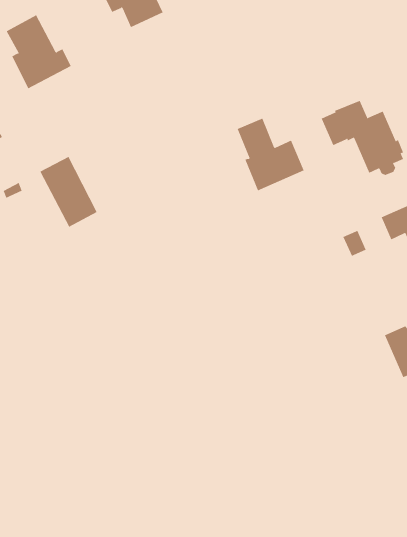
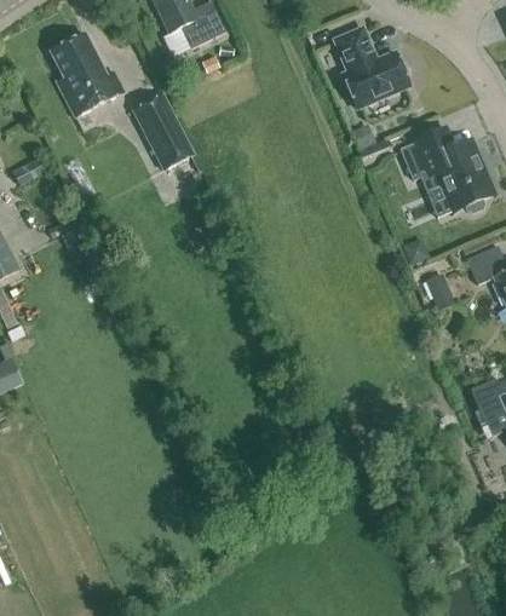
building: [237,118,304,191] -> [334,27,409,108]
building: [39,156,97,227] -> [131,92,195,171]

